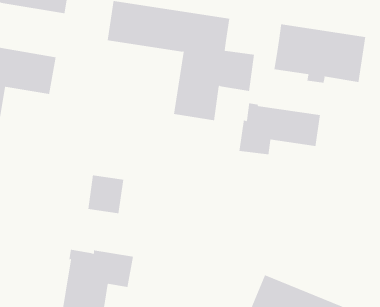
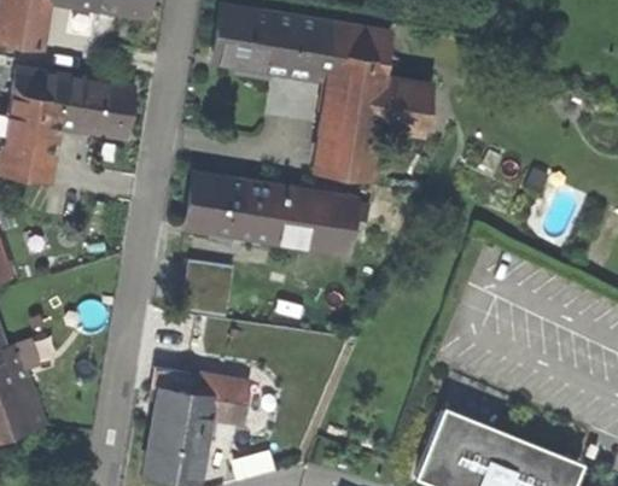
building: [274,24,366,83] -> none
building: [239,103,321,155] -> none
building: none -> [181,172,358,259]

